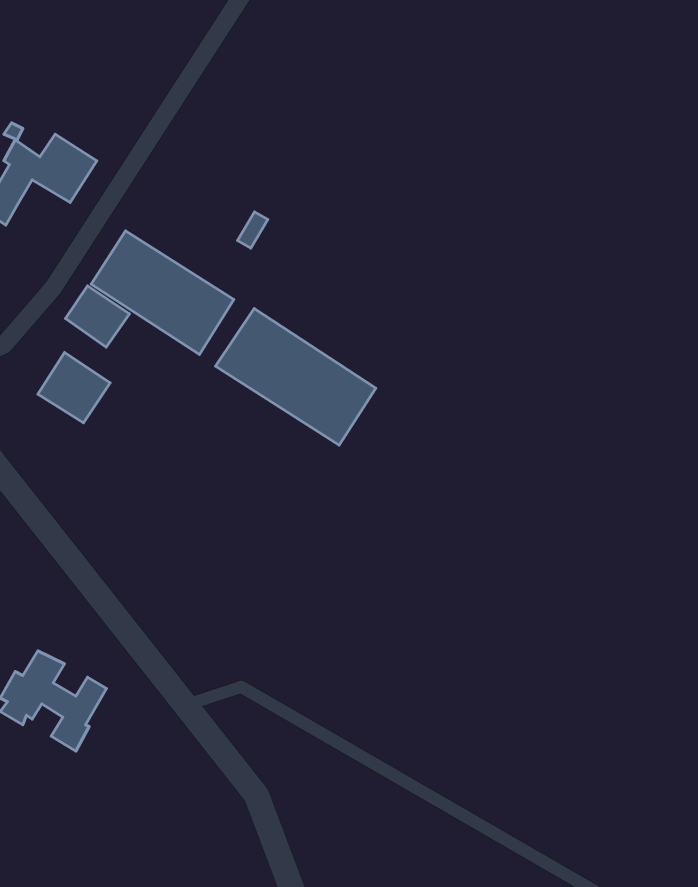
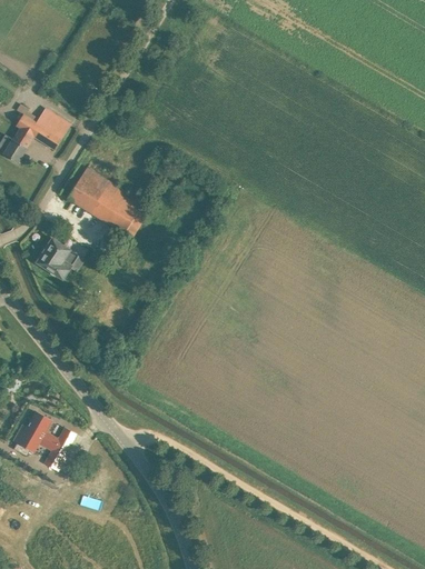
building: [66,286,130,347] -> none
building: [216,308,376,445] -> none

